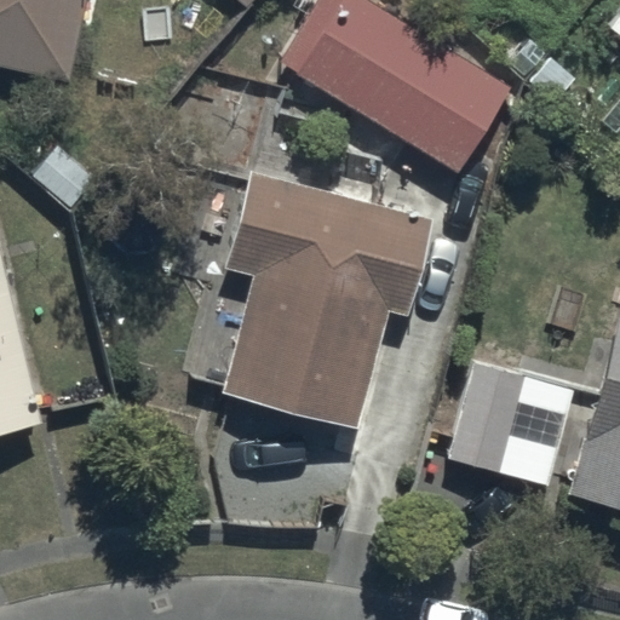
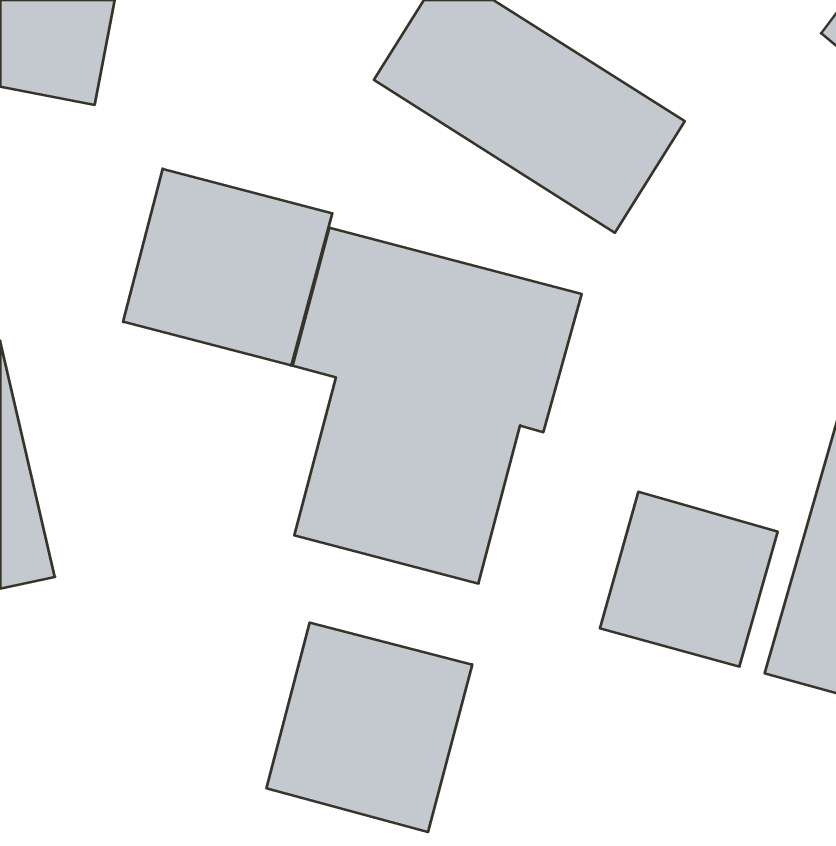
building: none -> [123,169,332,366]
building: none -> [267,623,472,832]

